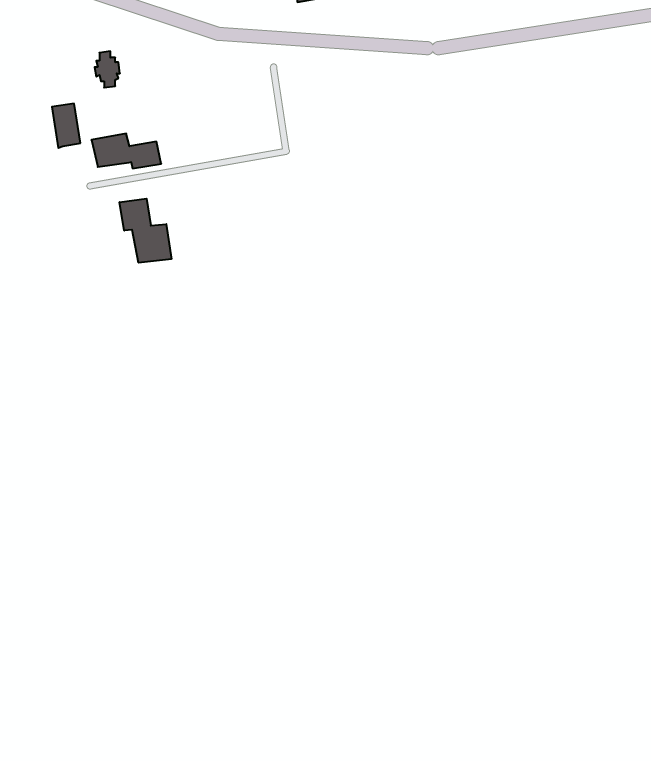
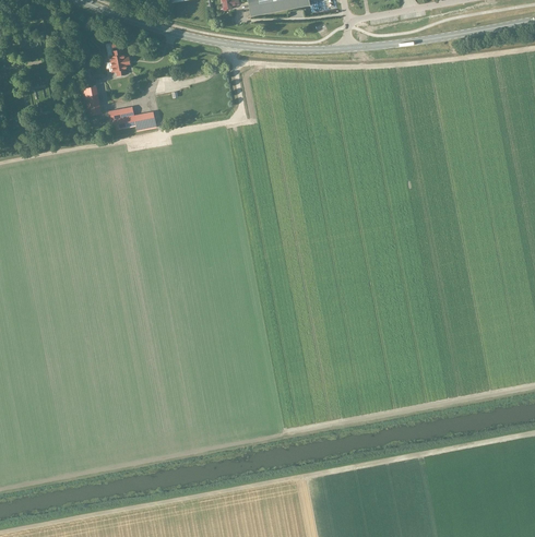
building: [120,199,171,263] -> none

